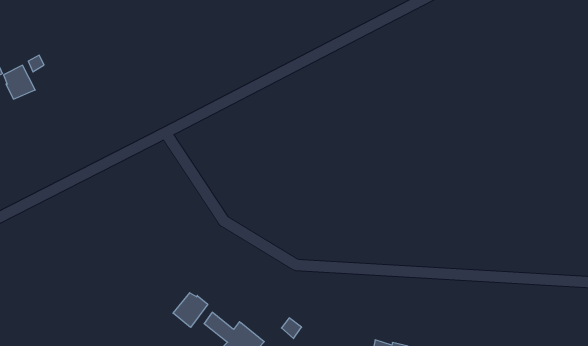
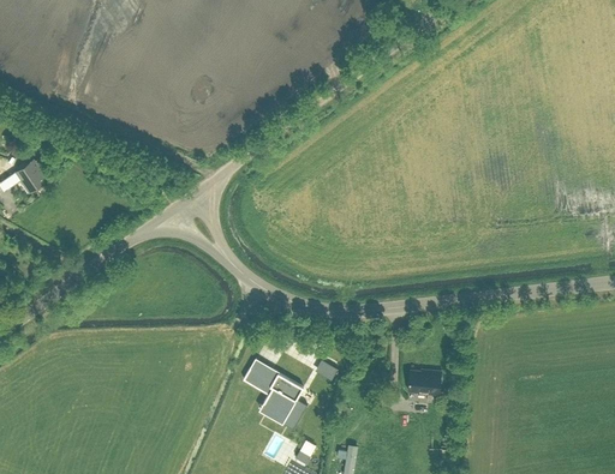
building: [173,293,208,327] -> none

